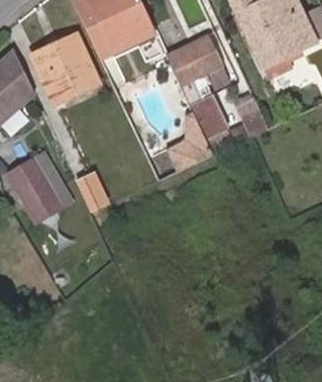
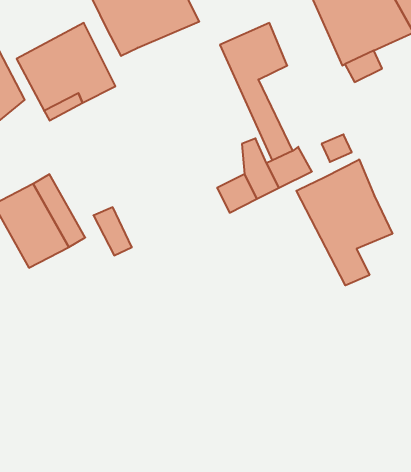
building: none -> [296,159,392,285]

